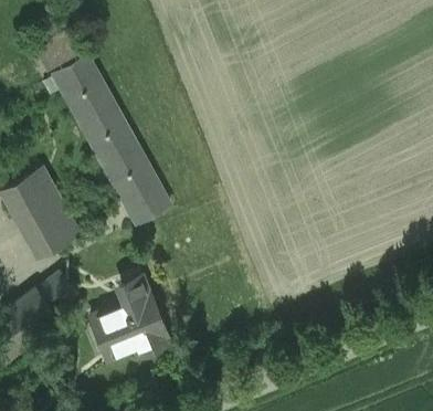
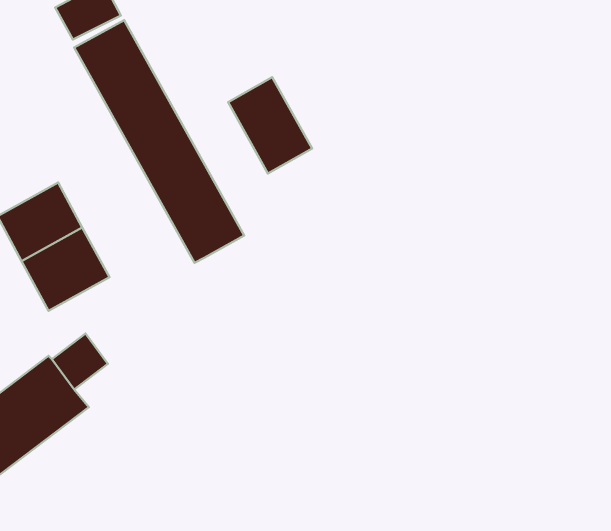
building: none -> [228,77,312,173]
building: [89,276,167,356] -> none

